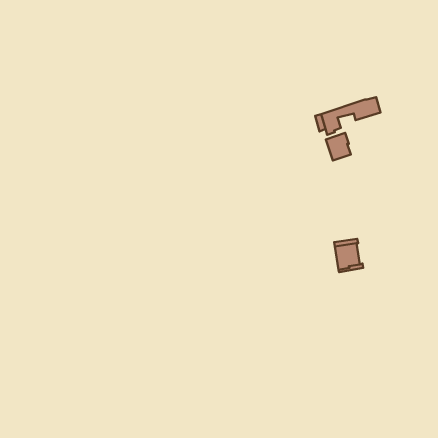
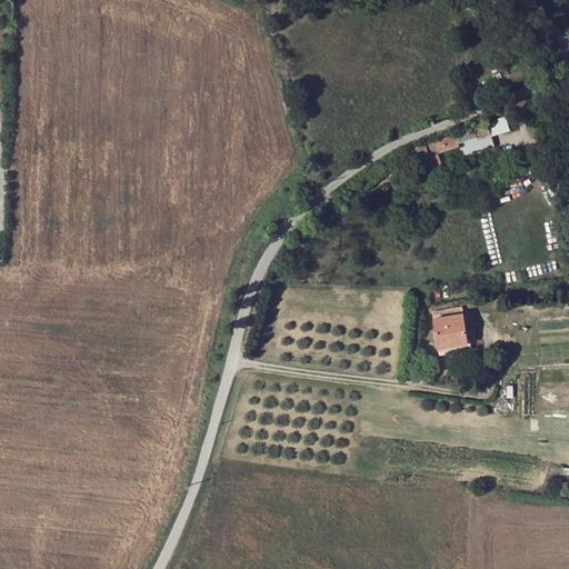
building: [326,133,351,161] -> none

